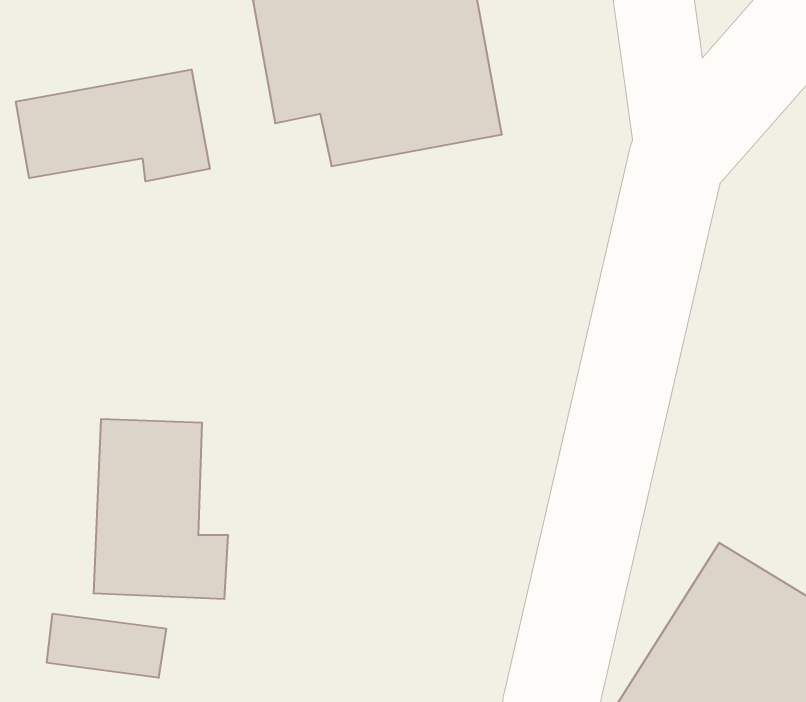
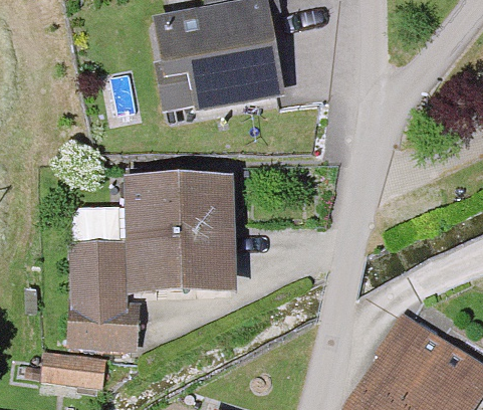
building: [16,70,210,181] -> none
building: none -> [126,176,237,292]

